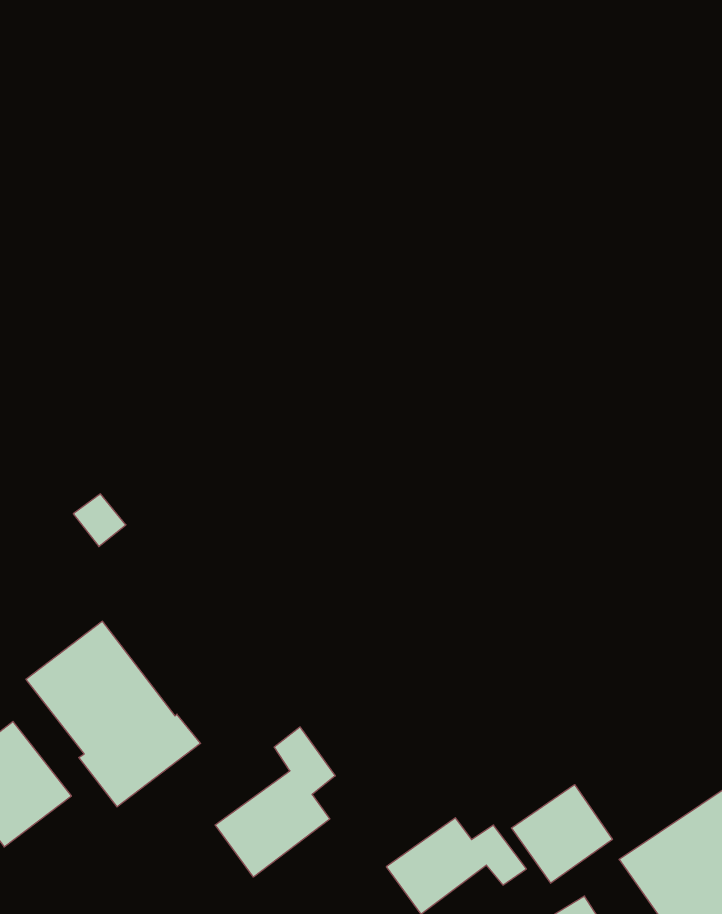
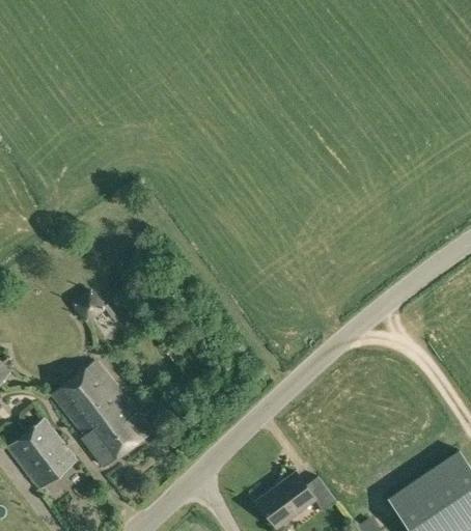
building: [215,727,335,877] -> none
building: [511,785,612,883] -> none

